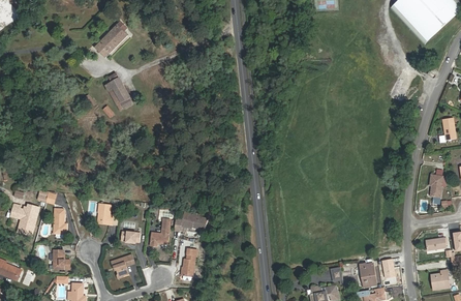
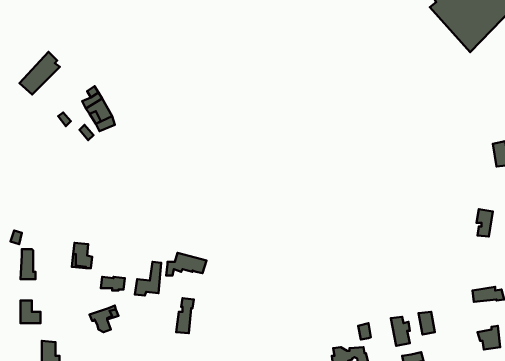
building: [95,21,128,56] -> [20,52,60,94]

